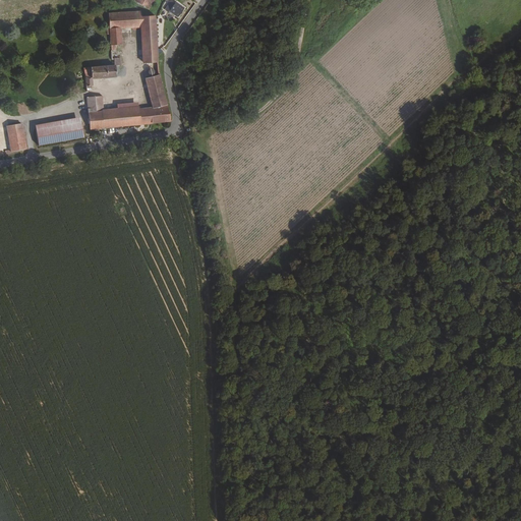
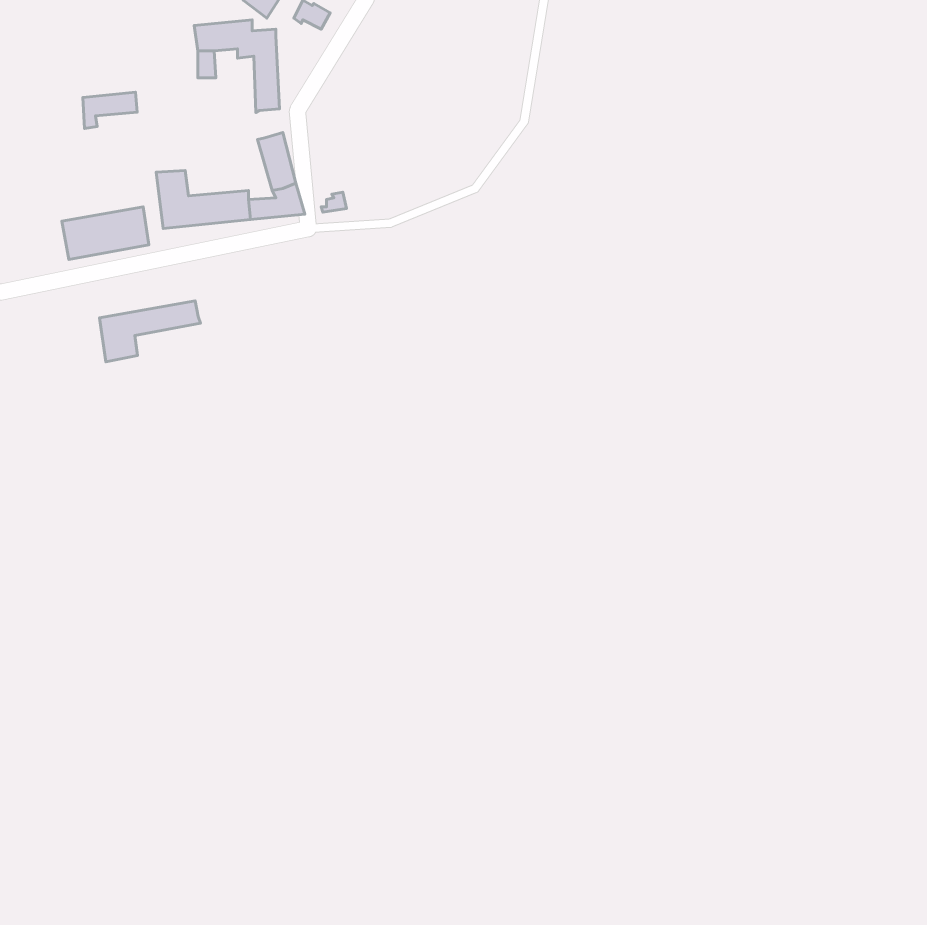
building: [85,65,116,85] -> [83,92,137,128]
building: [6,122,25,151] -> none
building: none -> [100,301,200,362]

